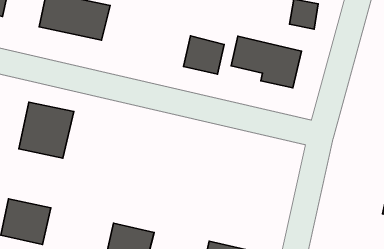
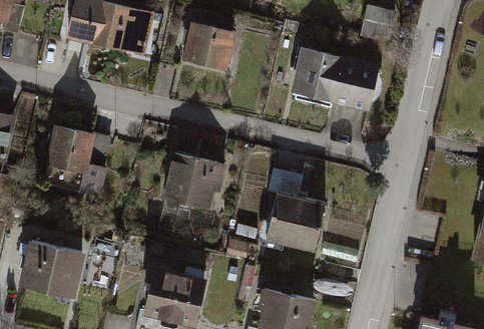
building: [184,36,224,74] -> [184,23,232,68]
building: none -> [164,151,224,207]
building: none -> [266,170,323,251]

